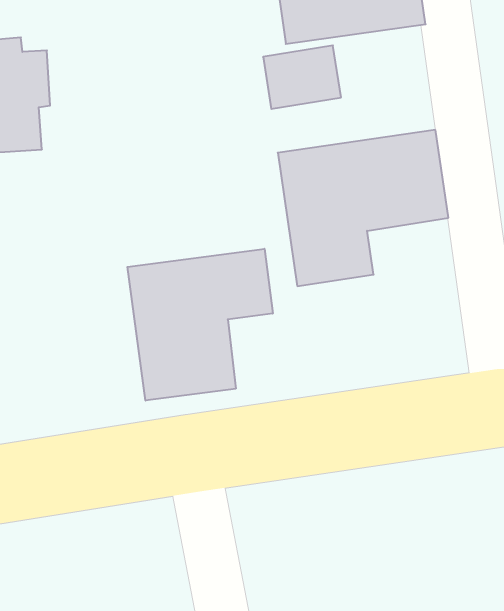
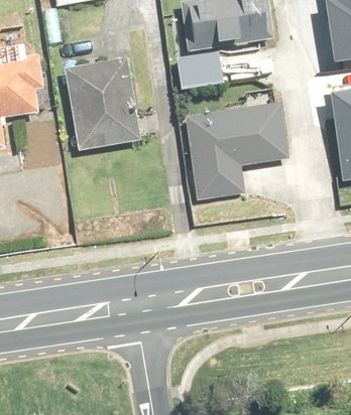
building: none -> [68,57,138,146]
building: [127,249,273,401] -> none

